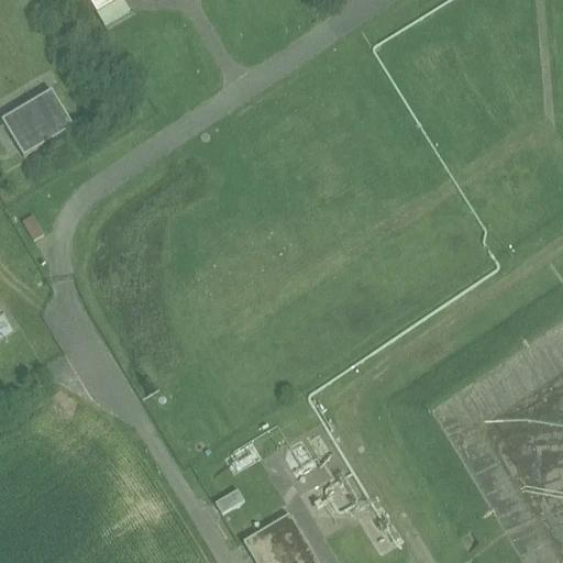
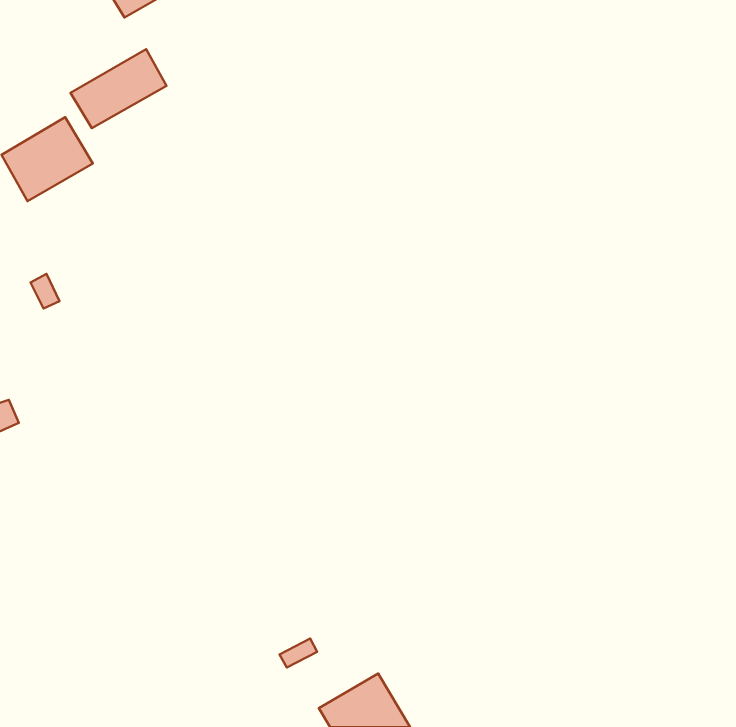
building: none -> [71,49,166,128]

